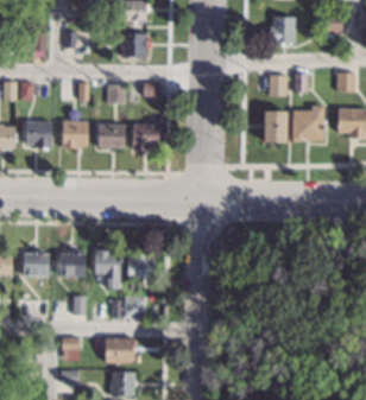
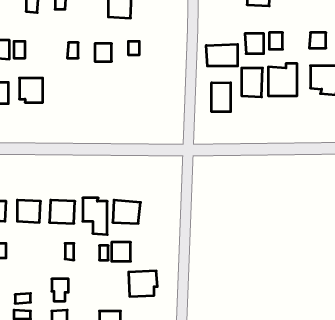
building: none -> [206,44,238,66]
building: [62,121,88,150] -> none
building: [97,125,125,148] -> none
building: [132,125,158,151] -> none
building: none -> [212,83,231,112]
building: [105,337,135,364] -> [129,271,157,296]

